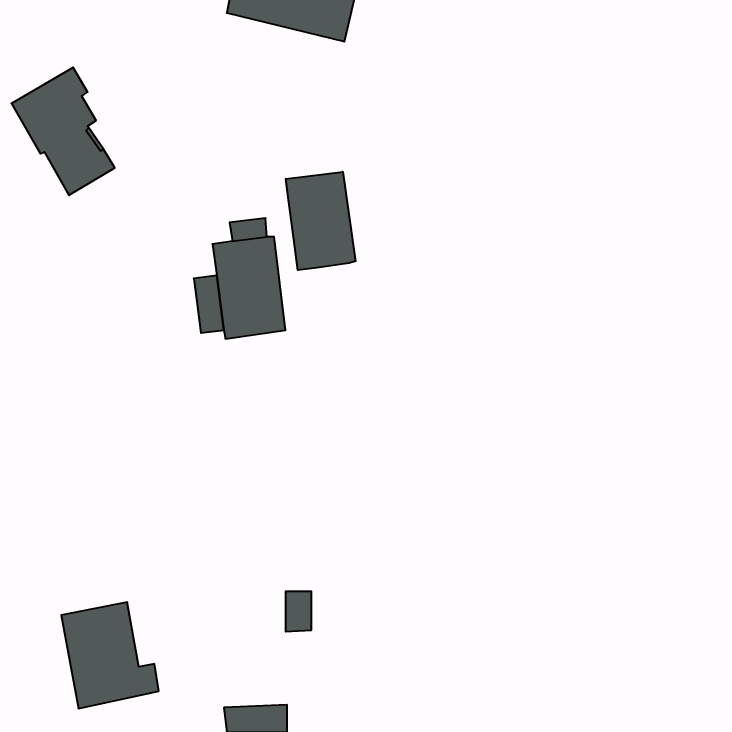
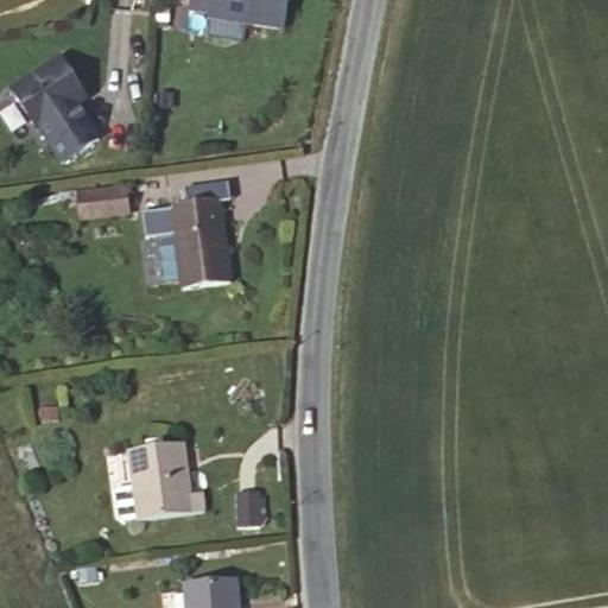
building: [286,172,356,270] -> none
building: none -> [80,184,132,216]
building: [61,602,159,708] -> [124,437,204,525]

